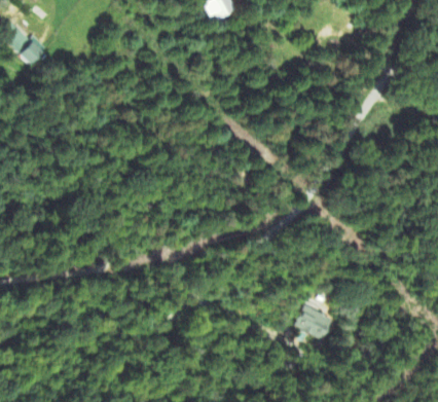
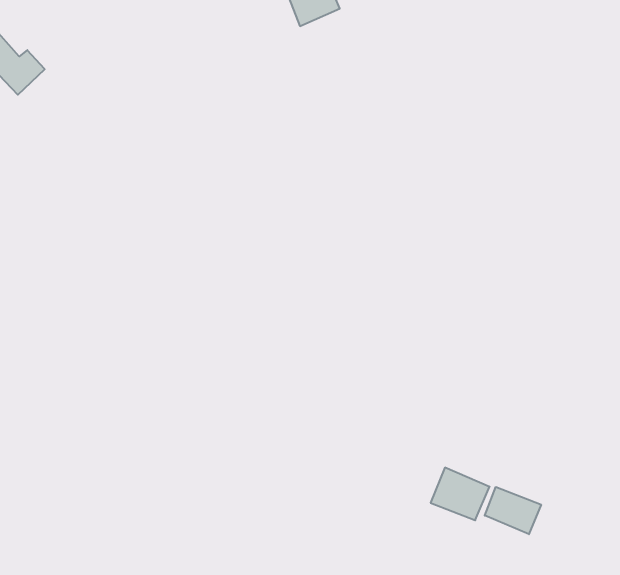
building: none -> [485,487,541,534]

